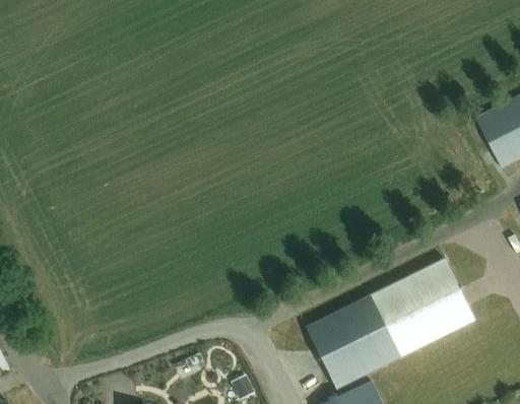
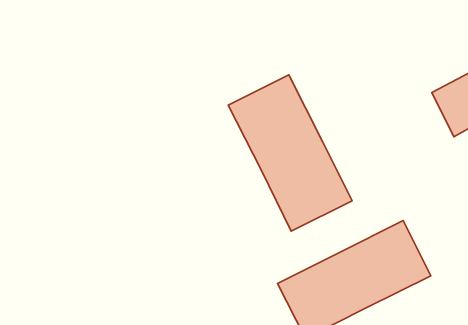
building: none -> [228,75,352,231]

